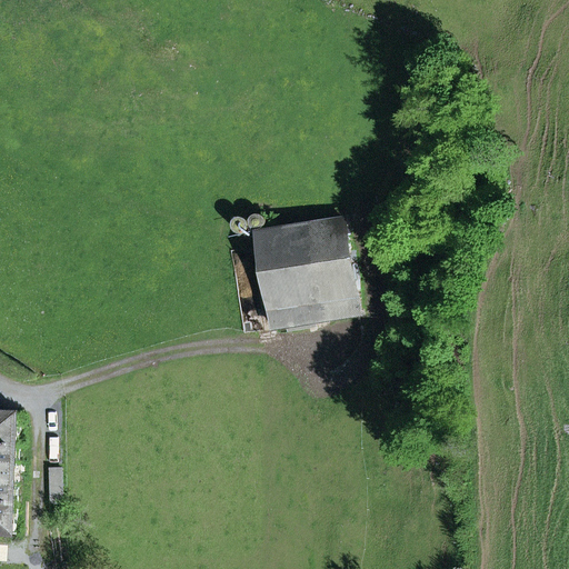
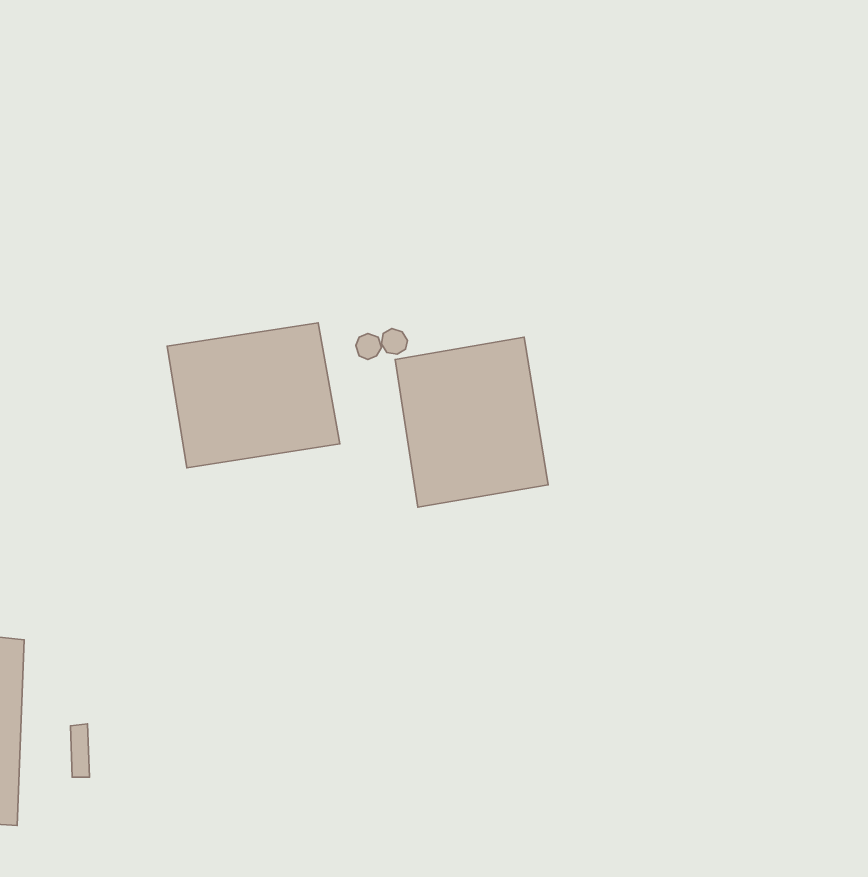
building: none -> [167,323,340,468]

